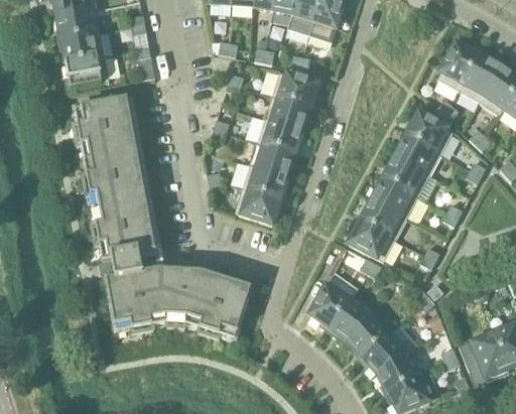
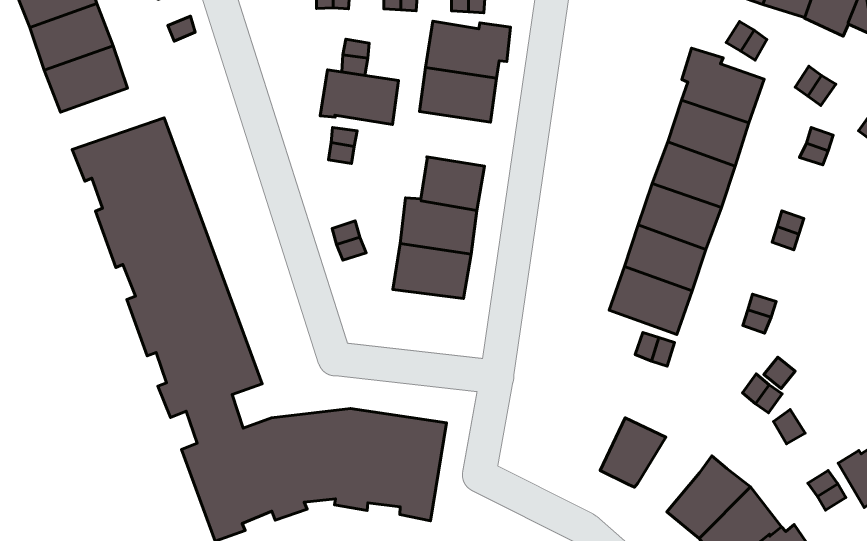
building: [256,117,301,152] -> [320,70,398,124]
building: [310,277,353,326] -> none
building: [347,308,391,355] -> none

